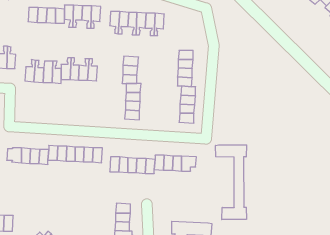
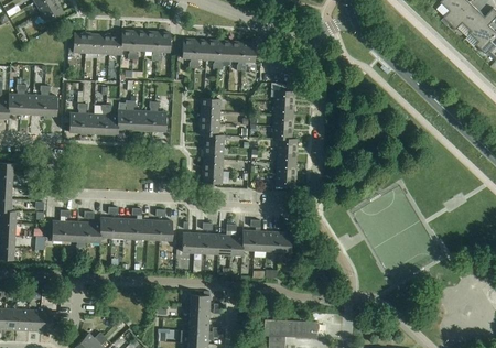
building: [216,145,247,220] -> none

